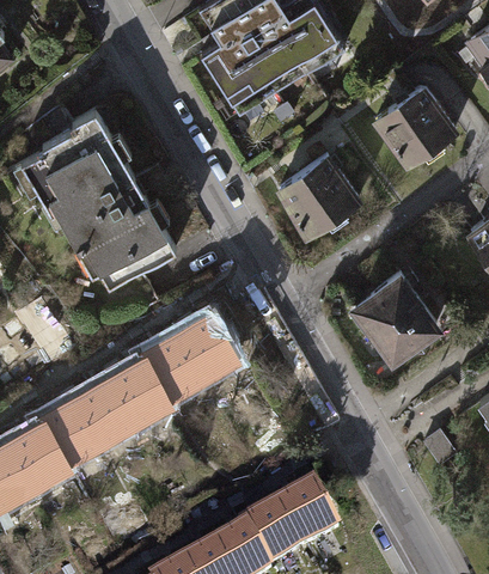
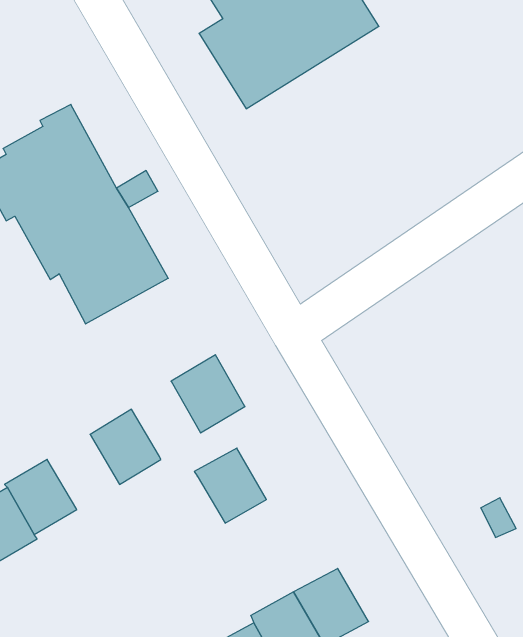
building: [372,87,451,166] -> none
building: [274,157,354,238] -> none
building: [353,275,438,358] -> none
building: [142,337,201,398] -> [194,448,266,523]
building: [77,380,135,441] -> none

